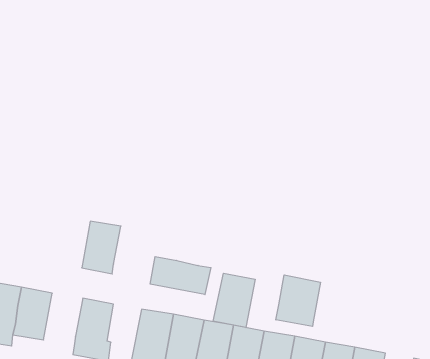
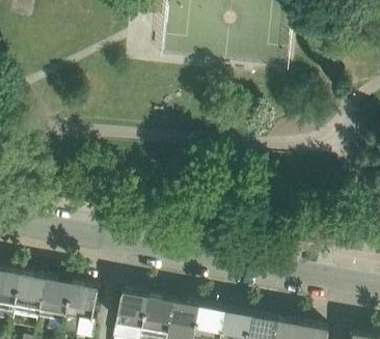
building: [82,221,121,274] -> [38,276,72,320]
building: [150,257,211,295] -> none
building: [213,273,255,328] -> none
building: [276,275,320,326] -> none

